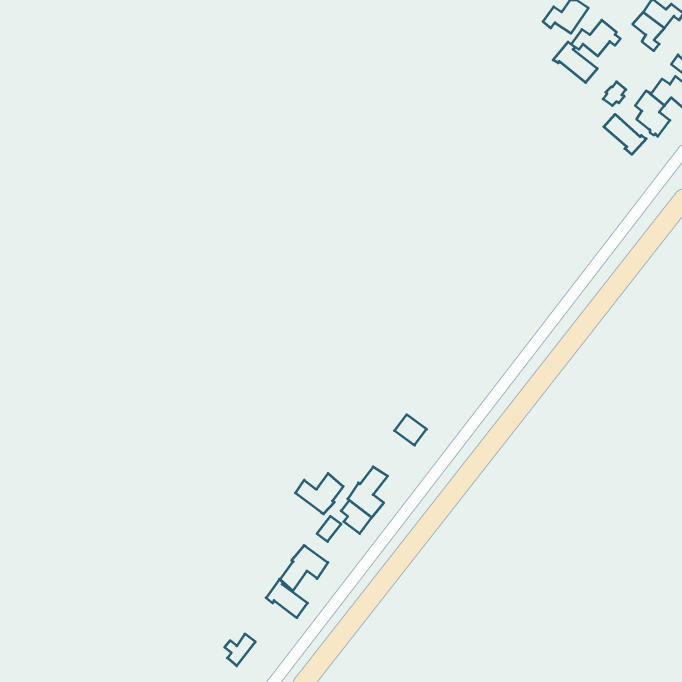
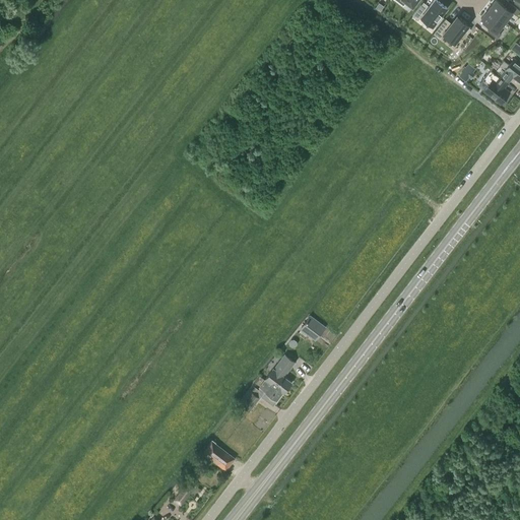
building: [553,42,597,83] -> none
building: [604,114,646,154] -> none
building: [295,473,343,514] -> none
building: [280,545,328,591] -> none

